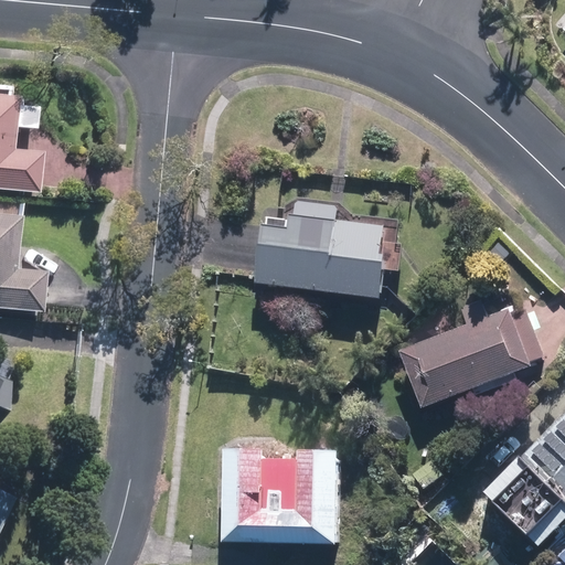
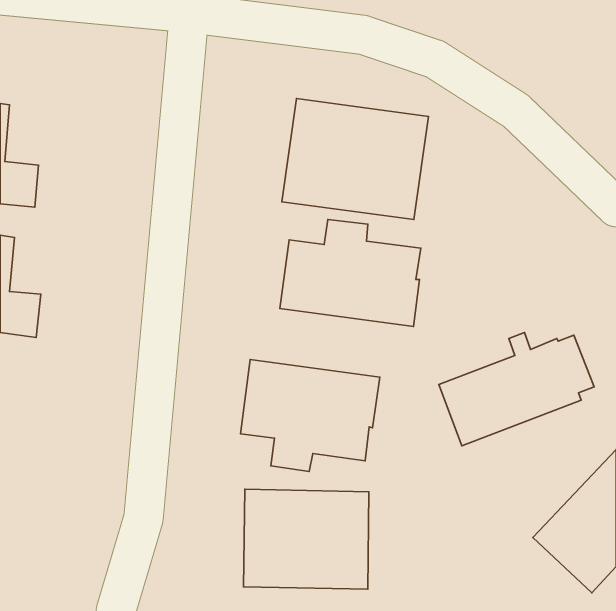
building: none -> [282,99,428,220]
building: none -> [241,360,380,471]

